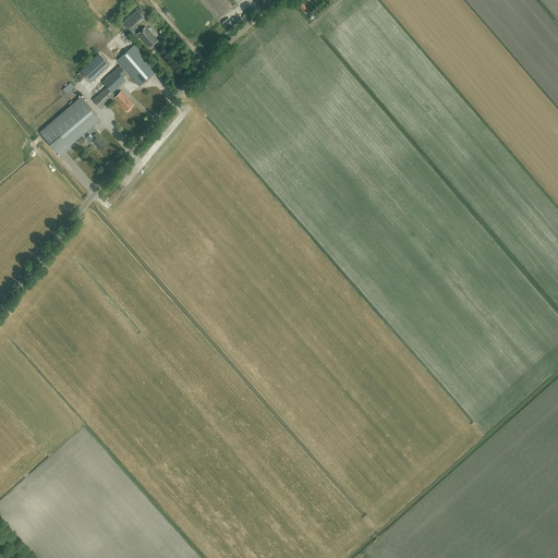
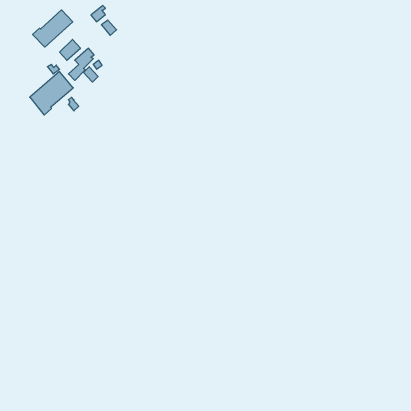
building: none -> [33,10,73,47]
building: [118,45,157,85] -> none

